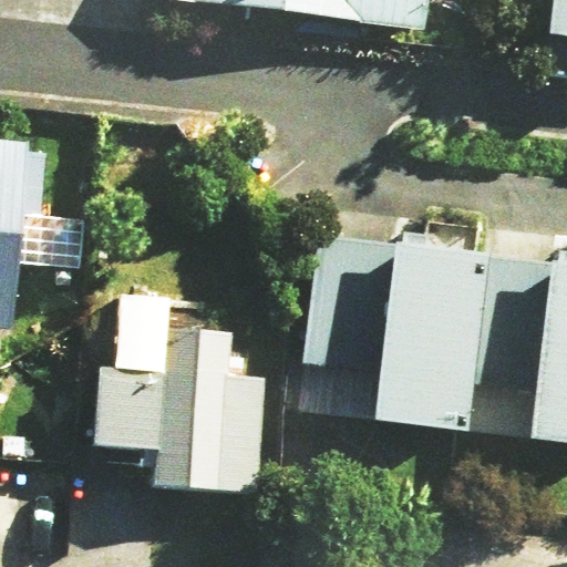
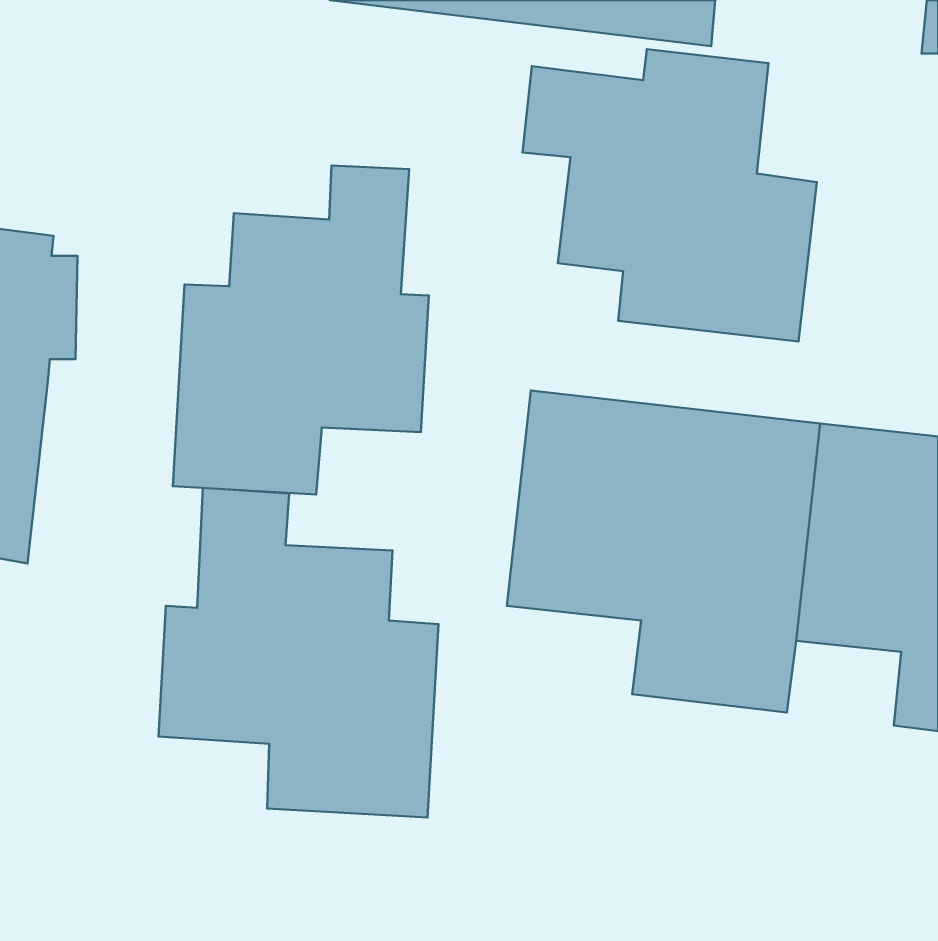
building: none -> [522,49,817,341]
building: none -> [173,165,429,495]

